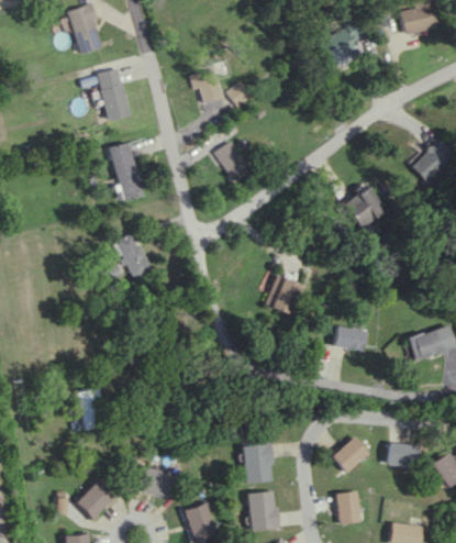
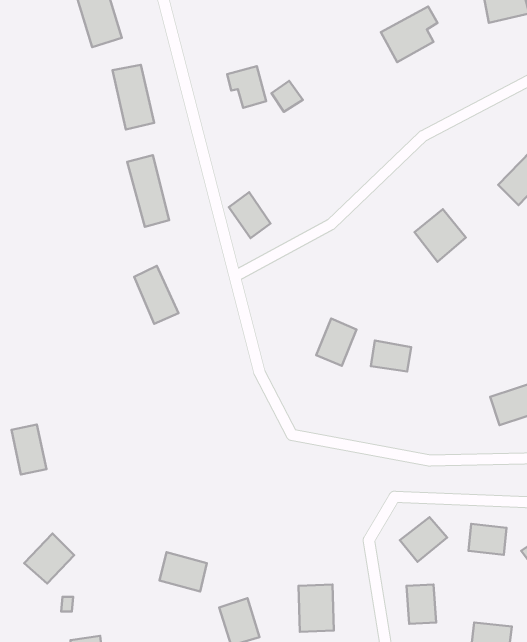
building: [213,141,247,178] -> [229,192,271,238]
building: [332,325,365,351] -> [371,340,411,372]
building: [76,388,104,429] -> [11,425,46,474]
building: [241,443,275,484] -> none
building: [75,478,115,519] -> [24,533,74,583]

